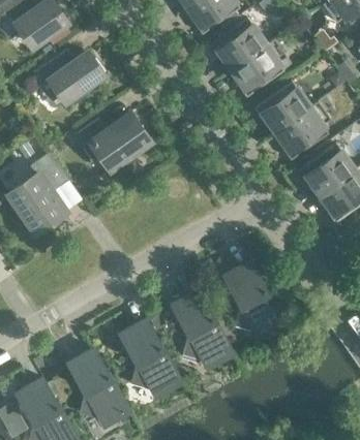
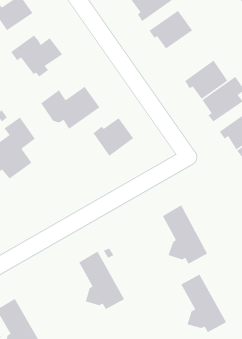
building: [231,39,287,98] -> none
building: none -> [92,117,138,157]
building: [173,291,232,366] -> [180,274,227,333]
building: [69,350,128,425] -> none

